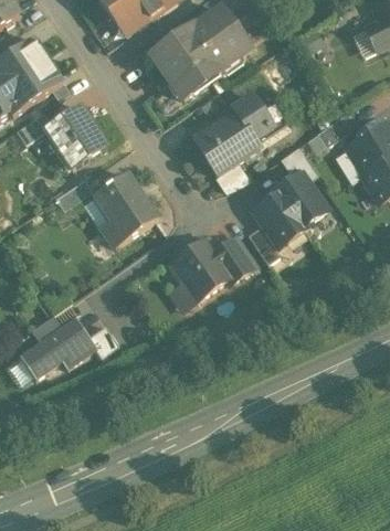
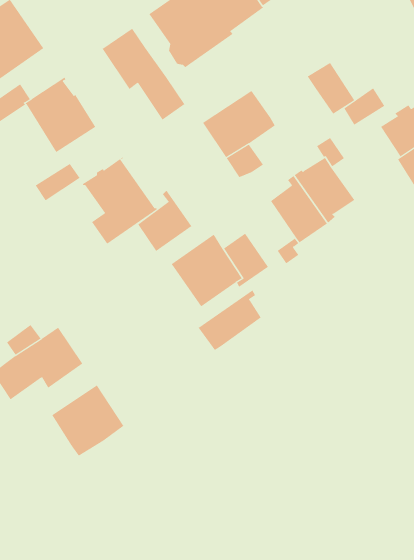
building: none -> [102,28,185,120]
building: [232,94,273,138] -> [307,62,355,115]
building: none -> [137,190,192,252]
building: none -> [198,289,262,351]
building: none -> [51,384,124,456]

